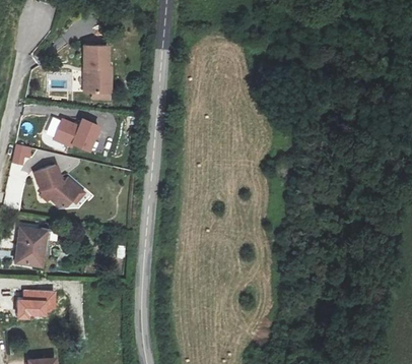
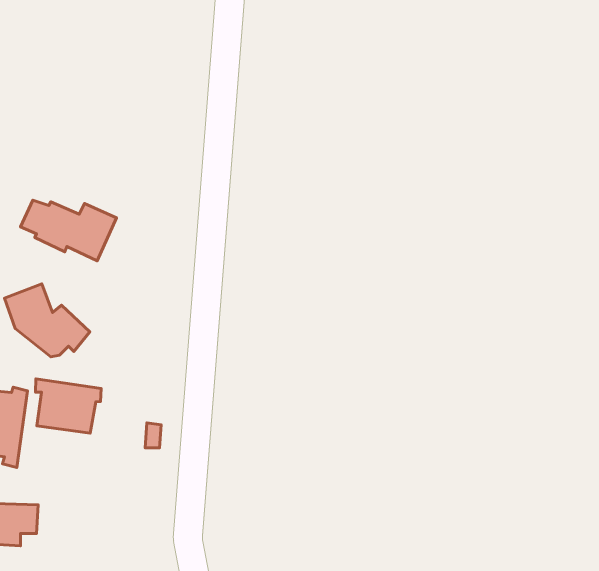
building: [91,45,117,89] -> none
building: none -> [35,379,101,433]

